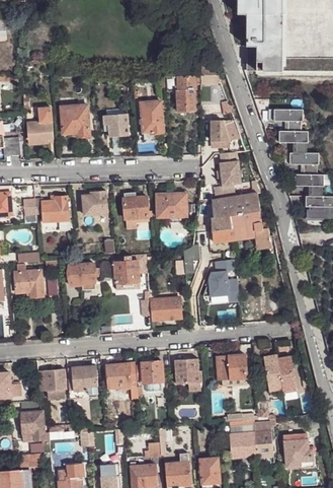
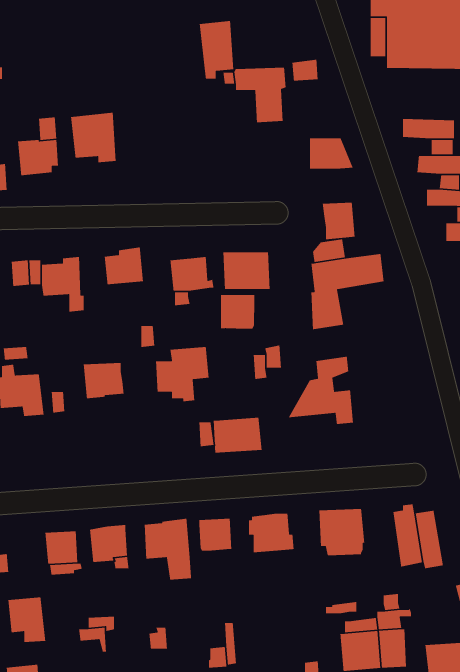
building: [140,101,162,139] -> [199,20,234,80]
building: [102,114,129,138] -> none
building: [229,212,270,249] -> none
building: none -> [220,294,255,330]

